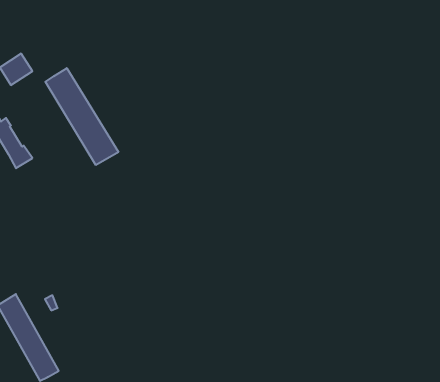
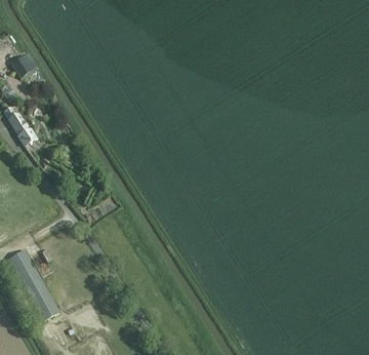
building: [45,68,118,165] -> none

